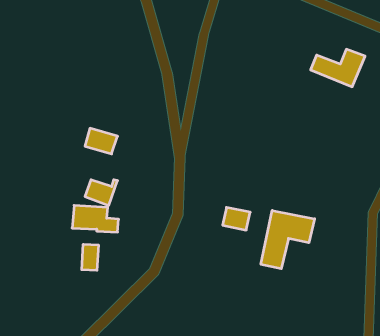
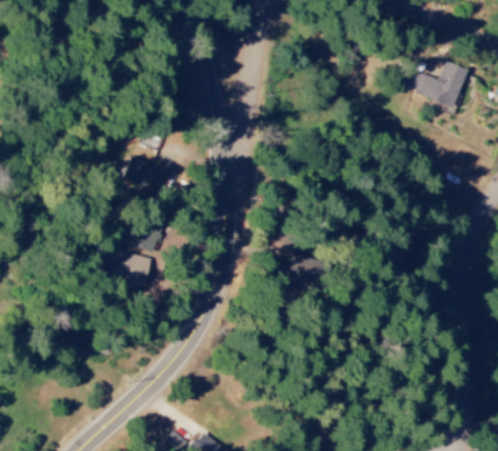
building: [261,210,315,269] -> none
building: [82,244,98,270] -> none

